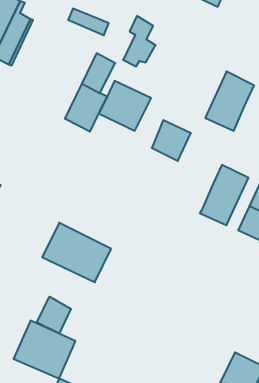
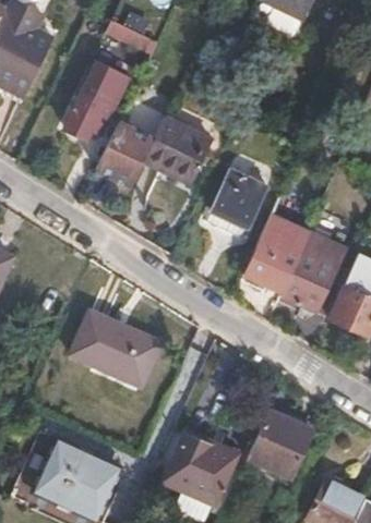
building: [123,16,156,67] -> [68,70,111,137]
building: [205,71,254,131] -> [243,212,309,292]
building: [37,297,71,334] -> none
building: none -> [252,413,312,477]
building: none -> [169,435,229,501]

